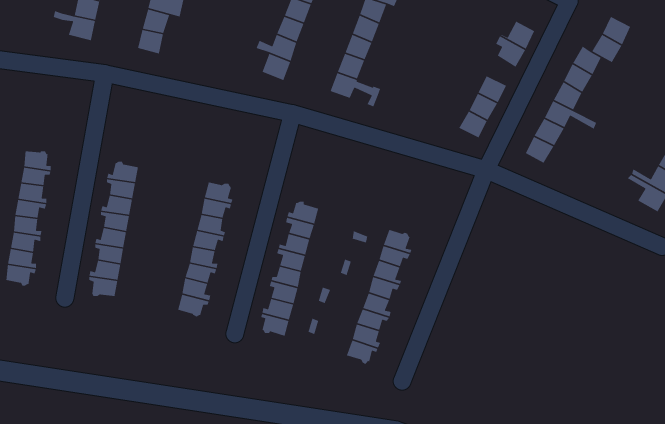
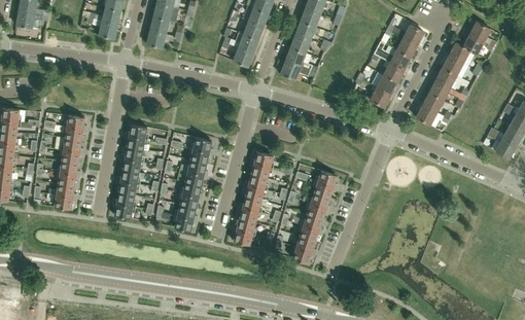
building: none -> [374,42,410,71]

